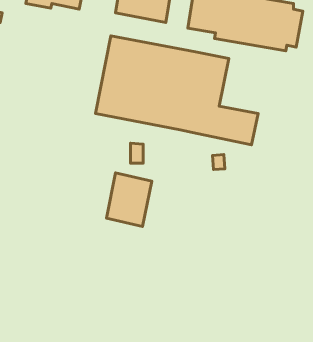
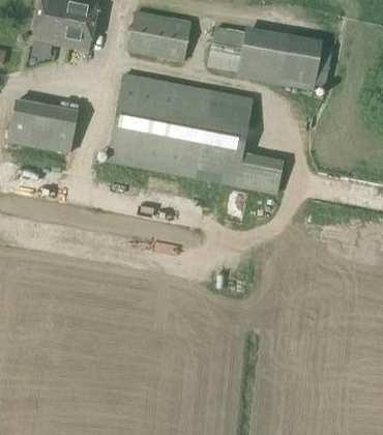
building: none -> [7,99,77,153]
building: [106,173,152,226] -> none

